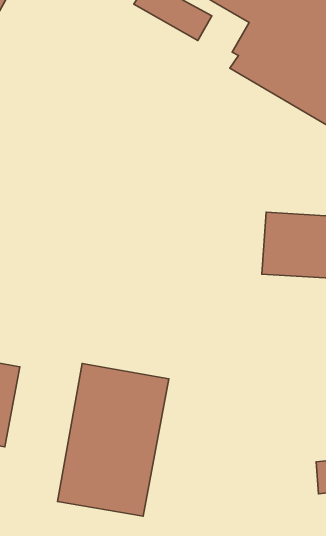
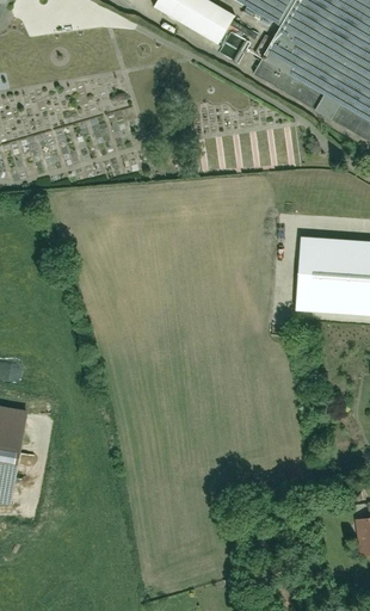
building: [57,364,169,516] -> none

